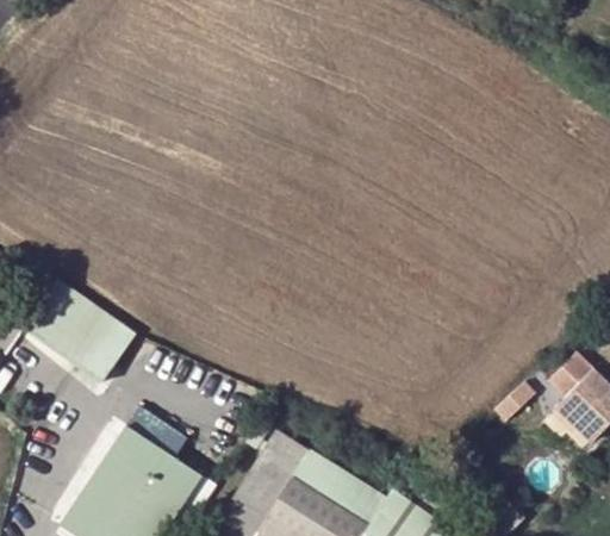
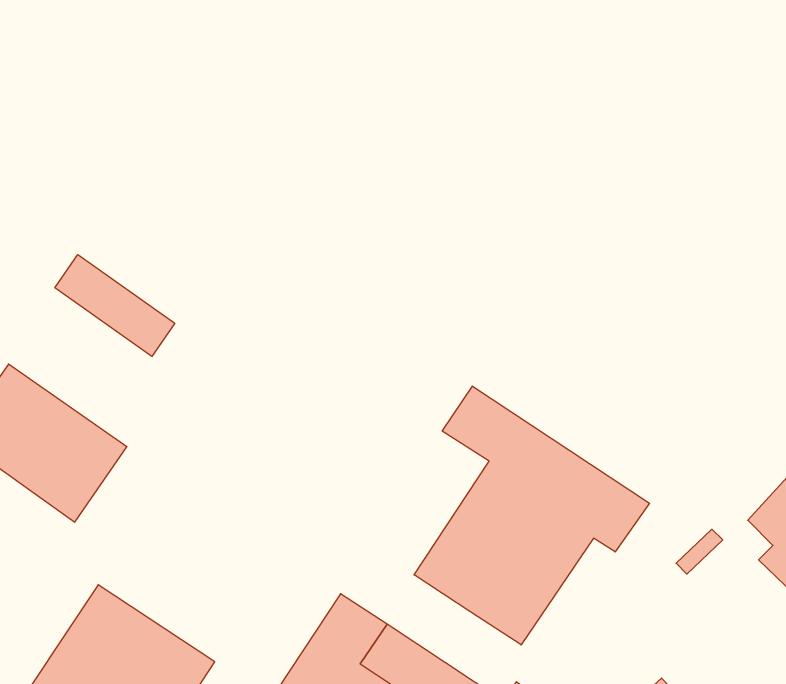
building: none -> [55,255,175,356]
building: none -> [414,386,650,645]

